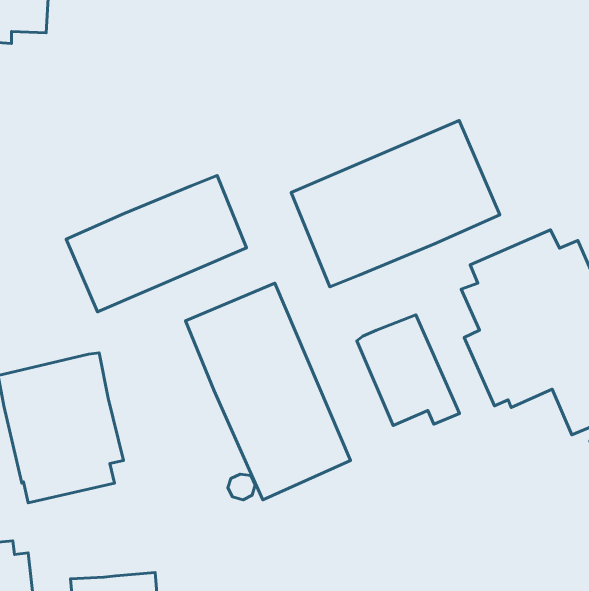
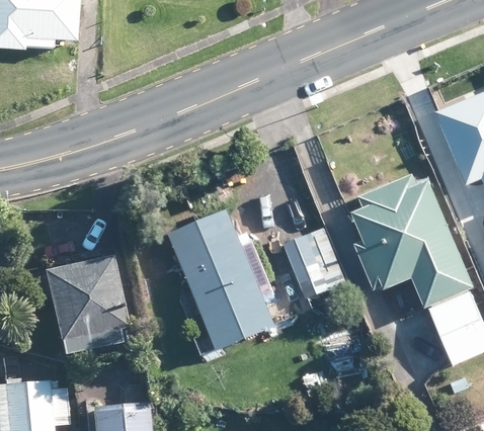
building: [291,120,500,287] -> none
building: [66,175,247,312] -> none

